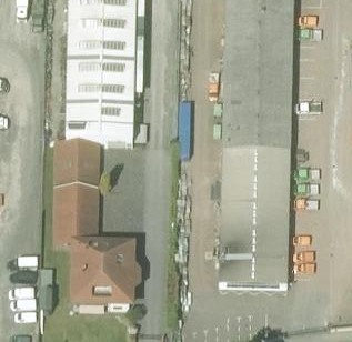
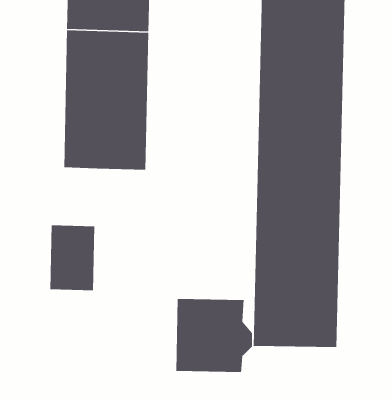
building: [57,135,93,182] -> none
building: [76,241,138,301] -> [175,298,253,373]

